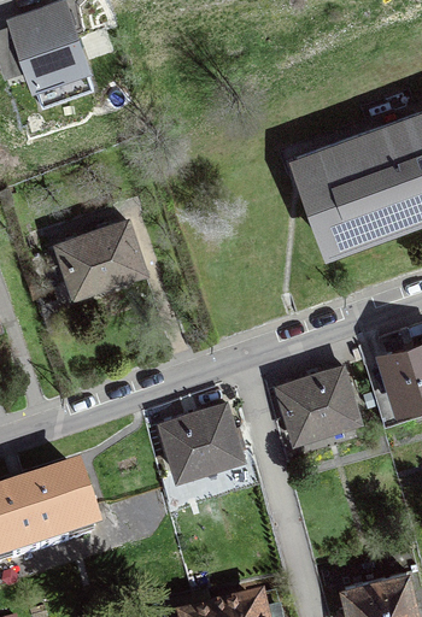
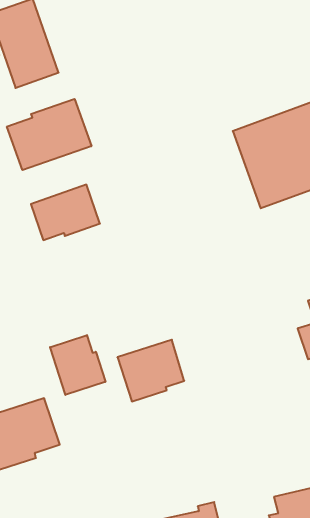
building: none -> [7,99,91,170]
building: [279,366,358,435] -> none
building: none -> [50,335,105,395]

